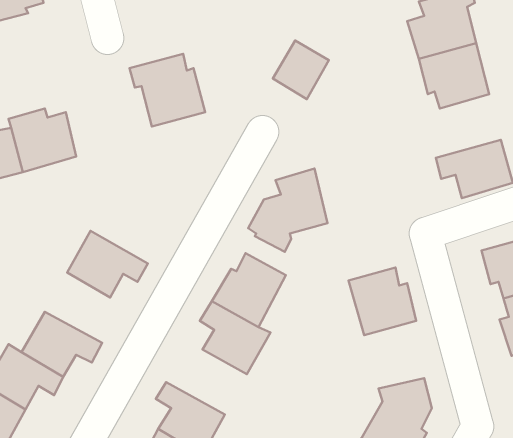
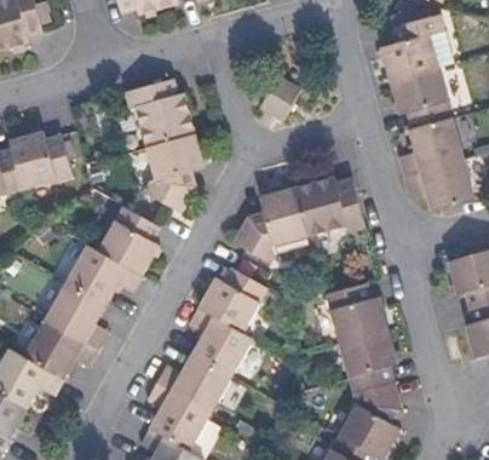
building: none -> [399,116,466,176]
building: none -> [140,133,200,212]
building: none -> [293,174,366,236]
building: none -> [96,206,156,274]
building: none -> [42,282,105,347]
building: none -> [339,327,397,390]
building: none -> [155,353,230,414]

